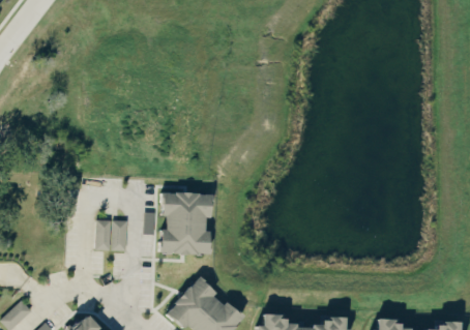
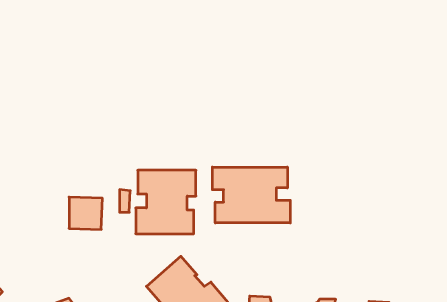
building: none -> [212,167,290,223]

